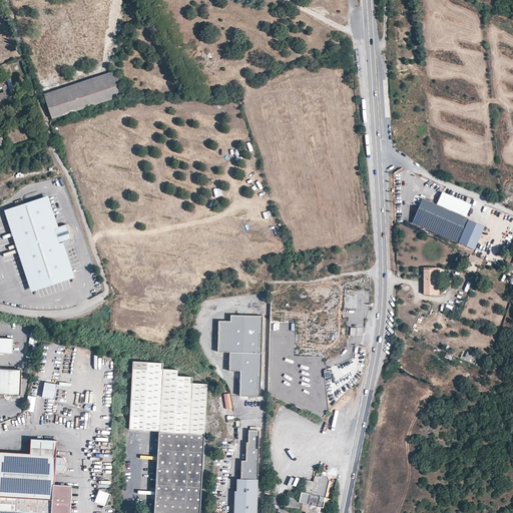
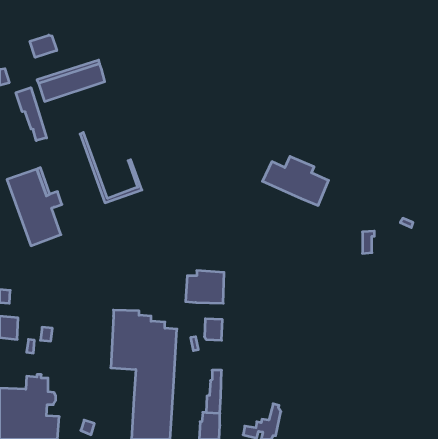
building: none -> [30,35,57,57]
building: none -> [16,88,47,141]
building: [411,193,488,250] -> [262,156,329,205]
building: [4,209,76,292] -> [80,132,142,203]
building: [227,353,261,373] -> none

